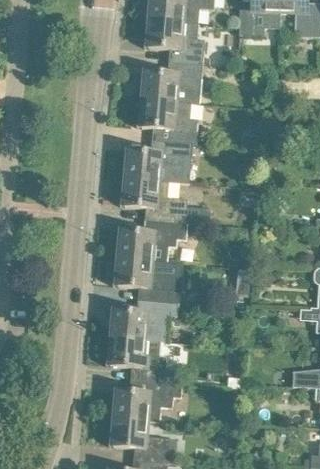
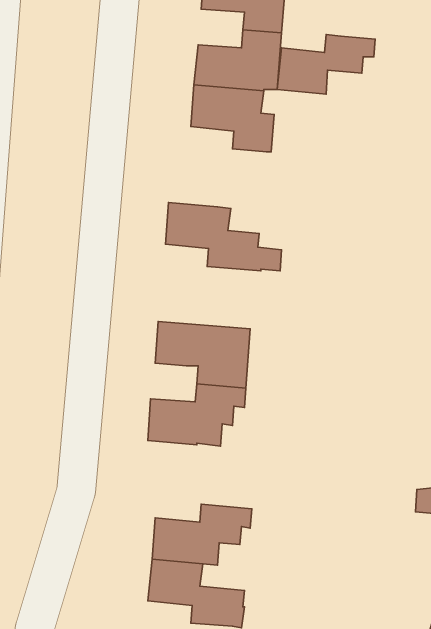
building: [125,139,191,179] -> [277,35,375,94]
building: [118,219,187,260] -> none
building: [108,336,181,382] -> none

